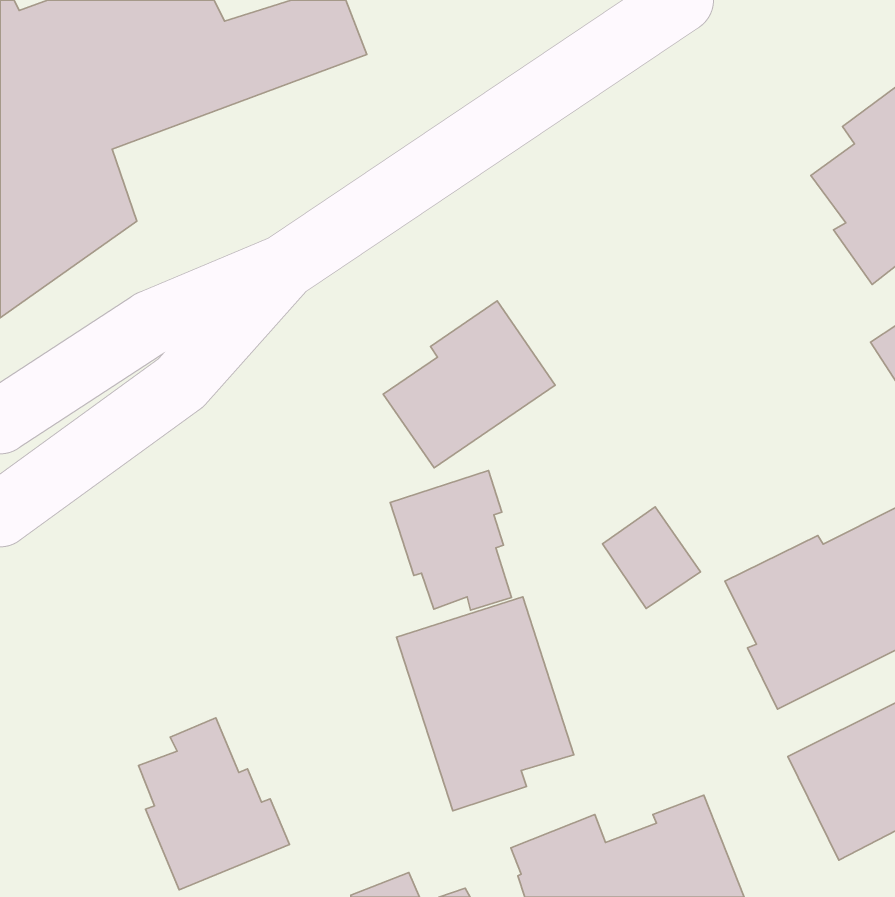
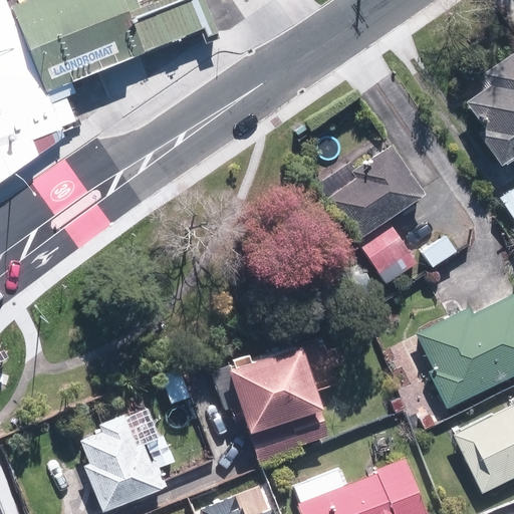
building: [383,301,555,468] -> [325,144,424,239]
building: [390,470,512,610] -> none
building: [602,507,701,609] -> [360,224,417,282]

